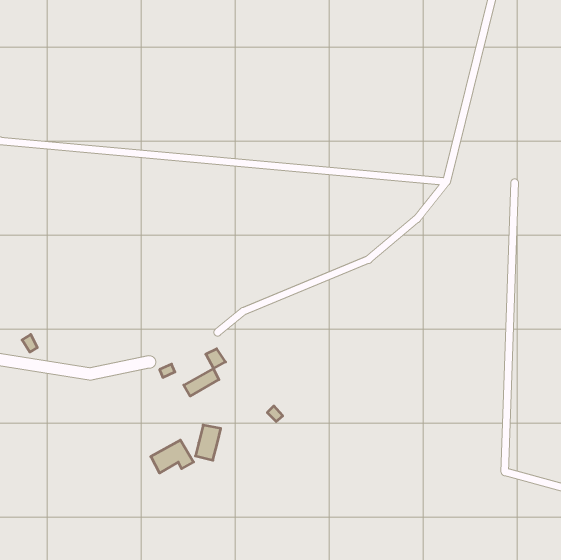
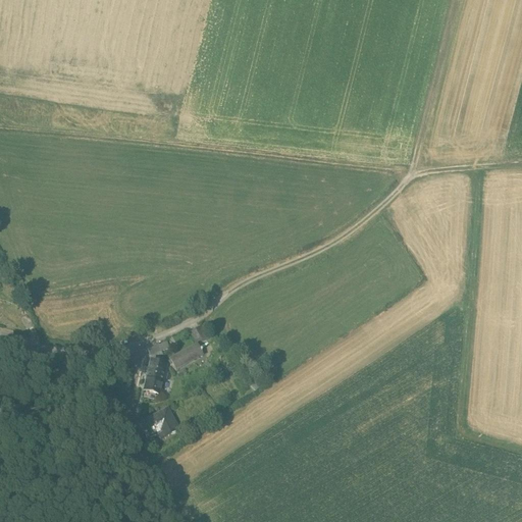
building: [195,425,221,460] -> [145,358,168,390]

